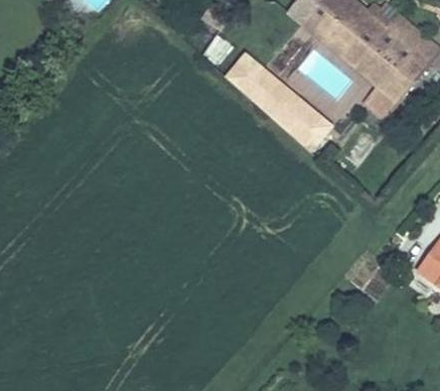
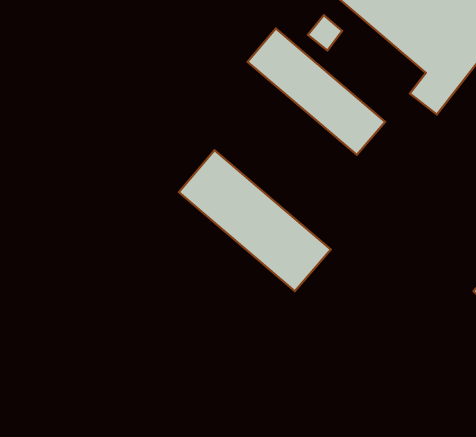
building: none -> [179,150,331,291]

